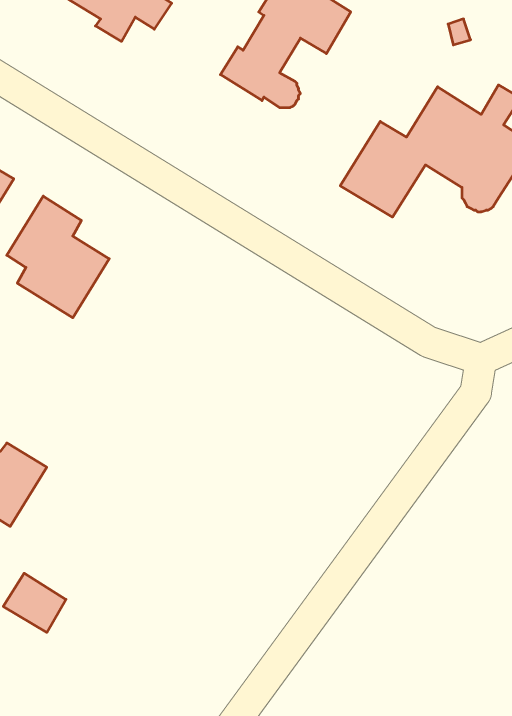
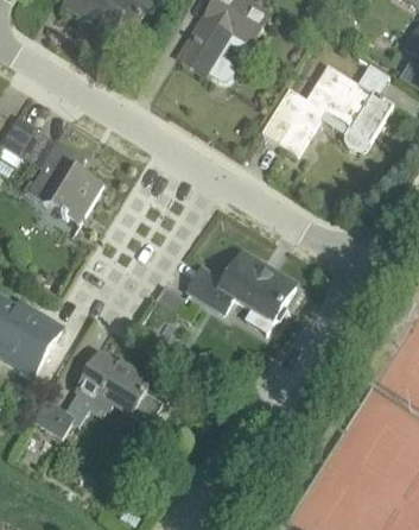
building: none -> [186,253,293,321]
building: none -> [76,354,161,427]

